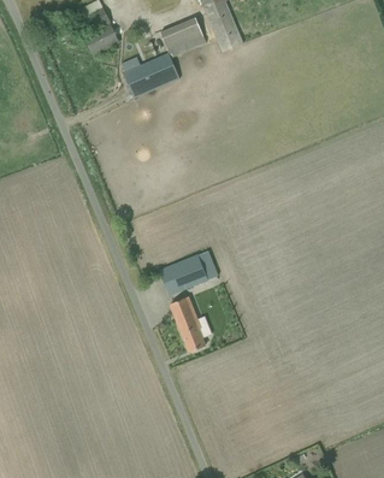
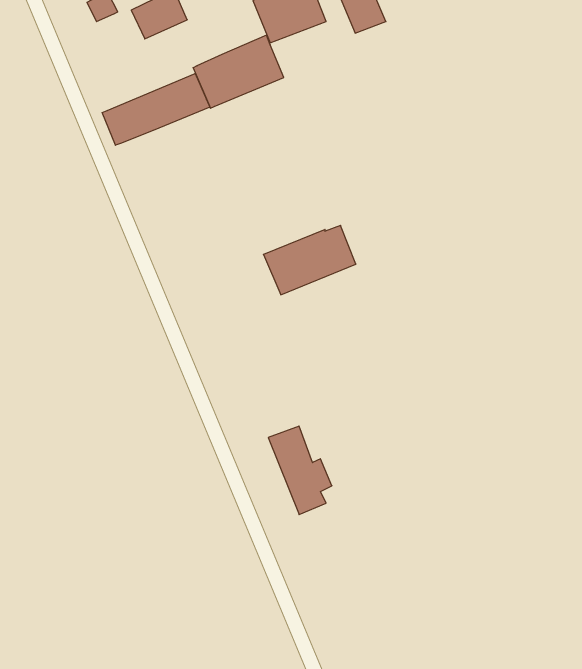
building: none -> [102,73,210,145]
building: [159,252,217,295] -> [263,225,356,295]

